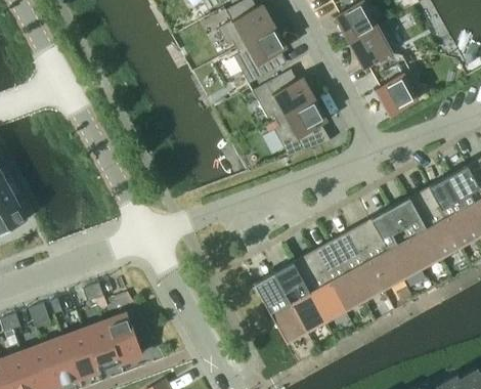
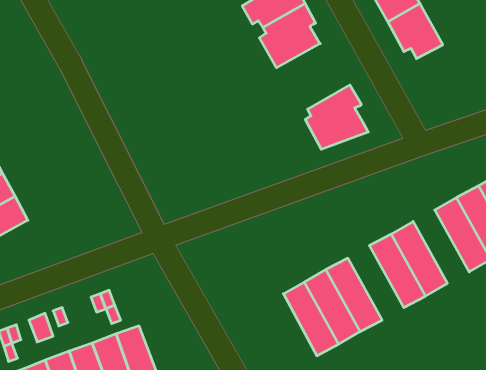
building: [375,62,419,116] -> none
building: [253,69,315,120] -> none
building: [371,210,422,275] -> none
building: [313,242,363,308] -> none

